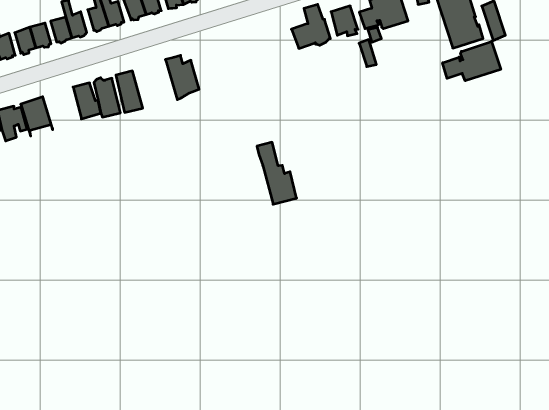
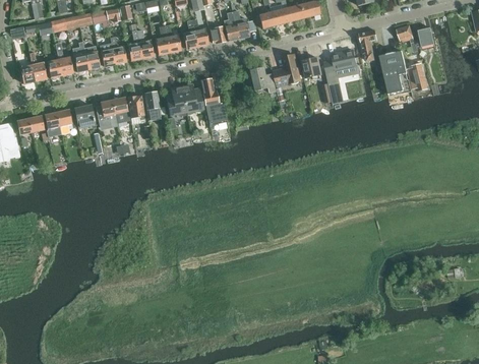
building: none -> [251,66,277,92]
building: [443,41,501,81] -> none
building: none -> [165,84,187,115]
building: none -> [96,99,117,126]
building: [257,142,297,204] -> [200,77,226,122]

